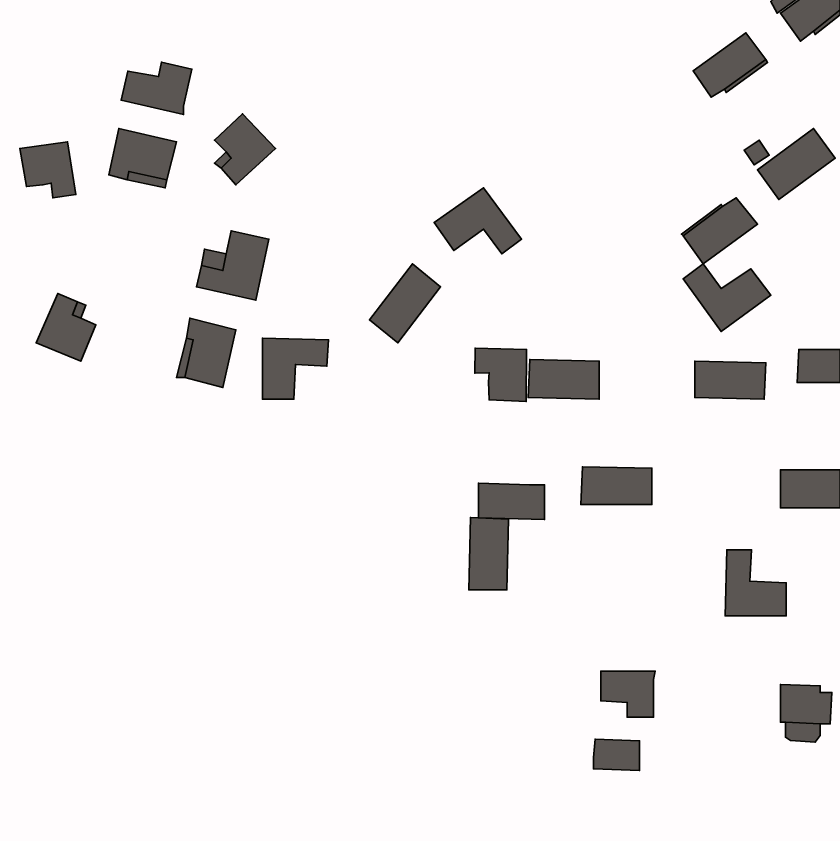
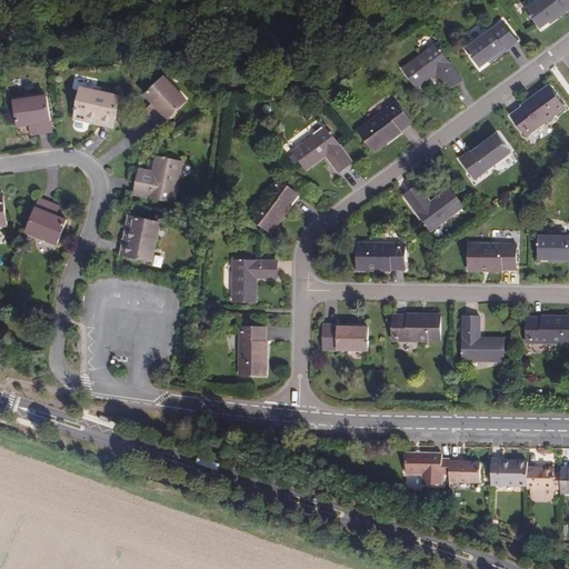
building: [121,62,192,114] -> none
building: none -> [401,42,461,89]
building: none -> [357,101,410,150]
building: [683,264,771,331] -> [403,184,462,230]
building: [262,338,328,399] -> [232,259,277,300]
building: [475,348,527,401] -> none
building: [469,517,508,590] -> [238,326,264,375]
building: [725,550,786,616] -> [461,316,502,360]
building: none -> [490,457,526,483]
building: [593,739,640,771] -> [448,460,479,481]

